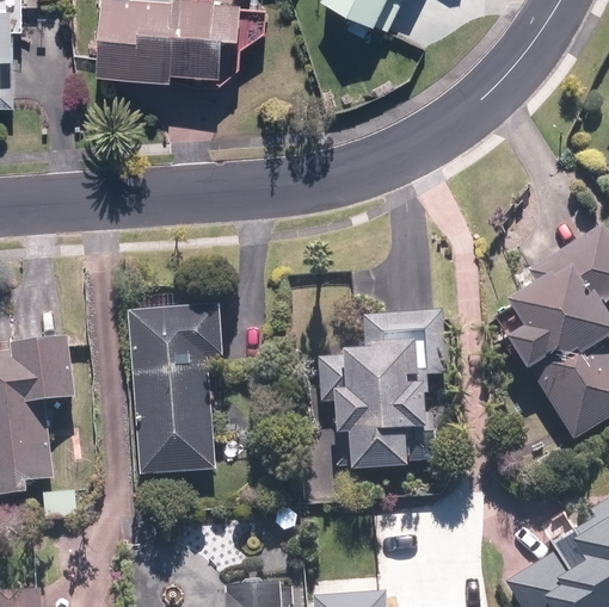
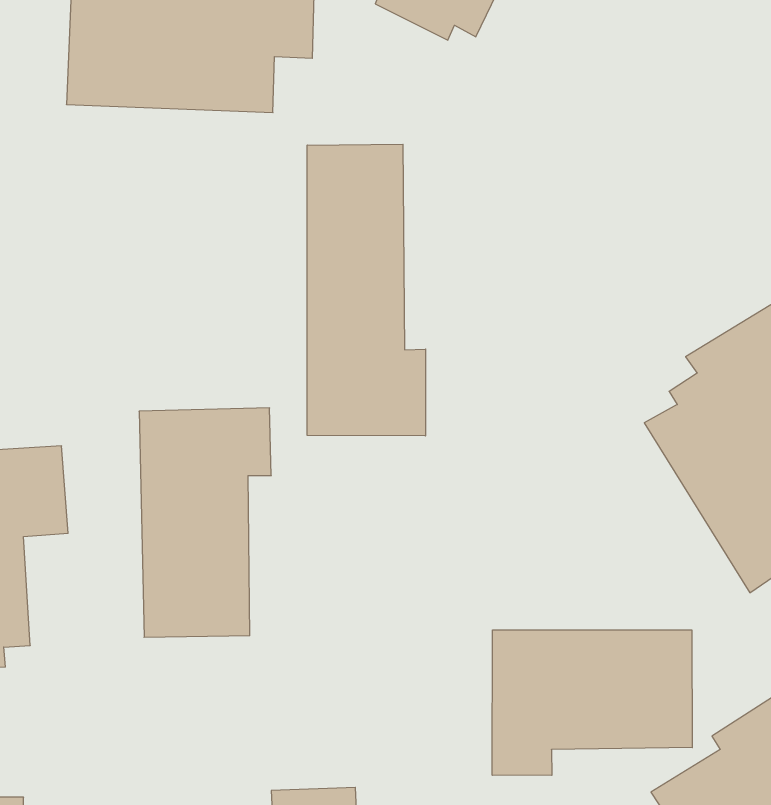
building: none -> [307,144,426,436]
building: [318,310,443,463] -> none
building: none -> [492,630,692,775]

